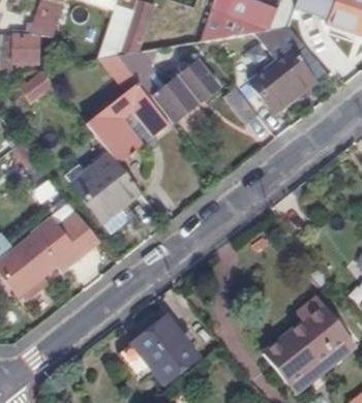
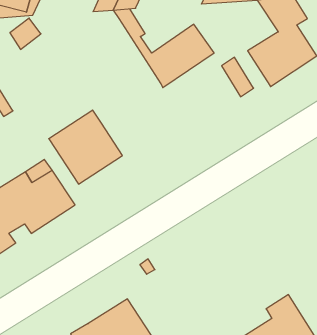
building: [90,59,175,158] -> none

